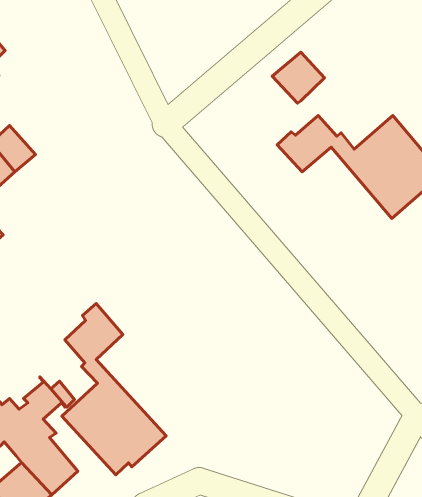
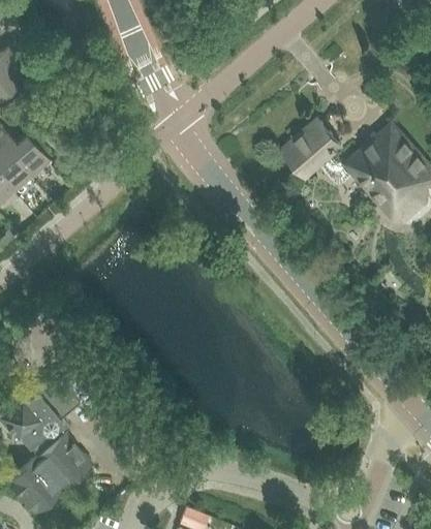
building: [272,52,325,103] -> none
building: [62,304,166,475] -> none

